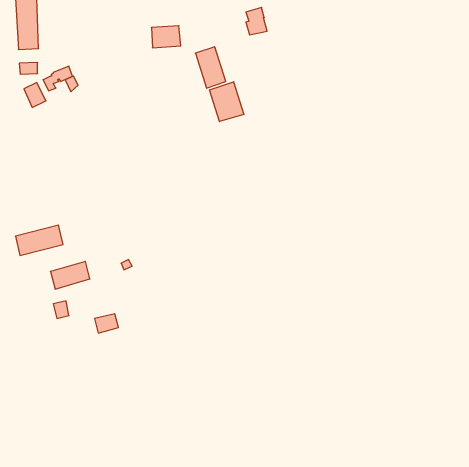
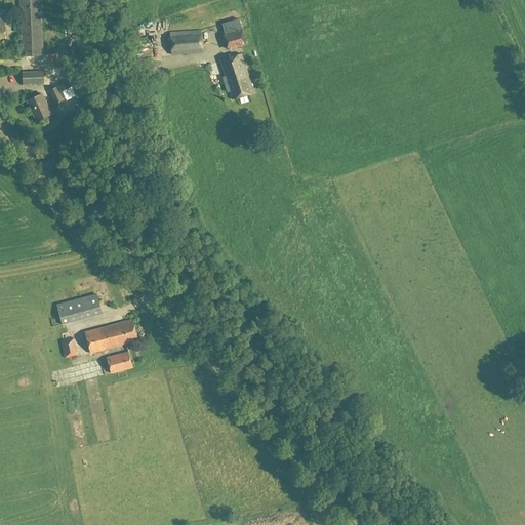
building: [246,7,267,35] -> [221,17,245,48]
building: [209,82,244,122] -> none
building: [15,225,63,255] -> [84,318,137,352]

